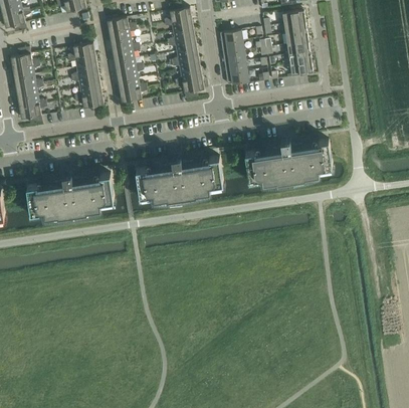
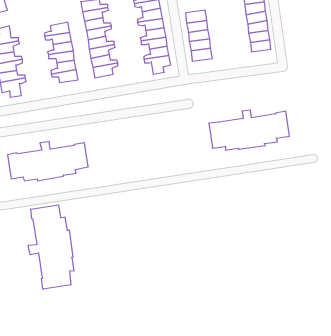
building: [136,157,223,200] -> none
building: none -> [28,205,74,289]

